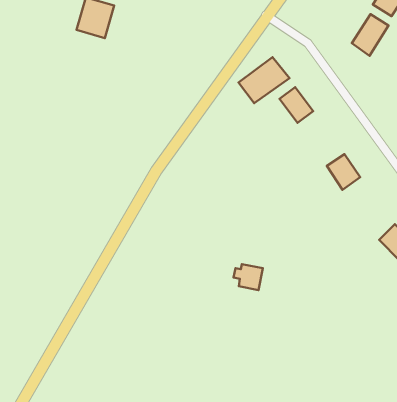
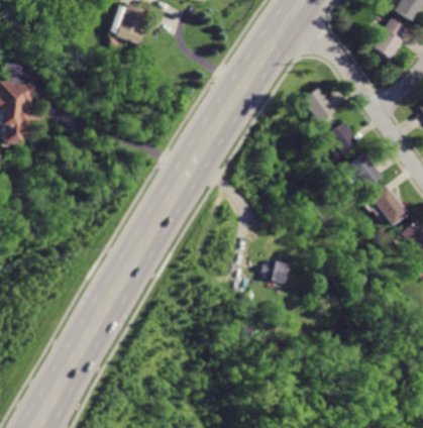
building: [239,57,289,103] -> none
building: none -> [329,123,358,154]
building: none -> [374,185,410,224]

